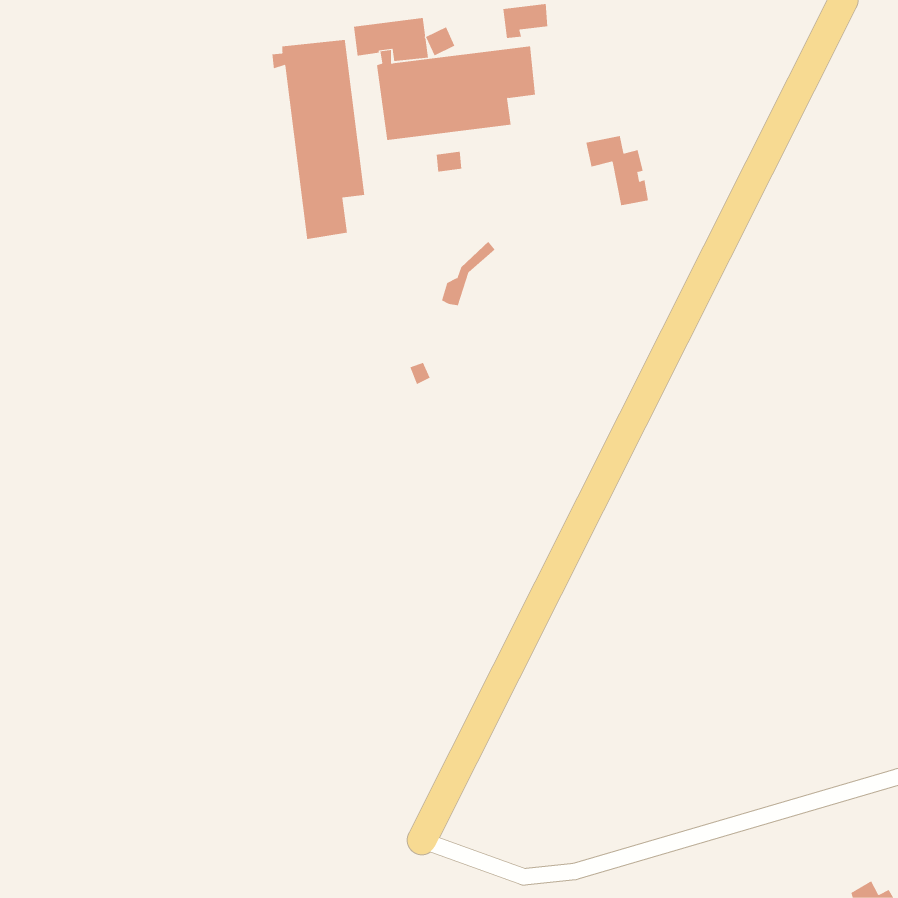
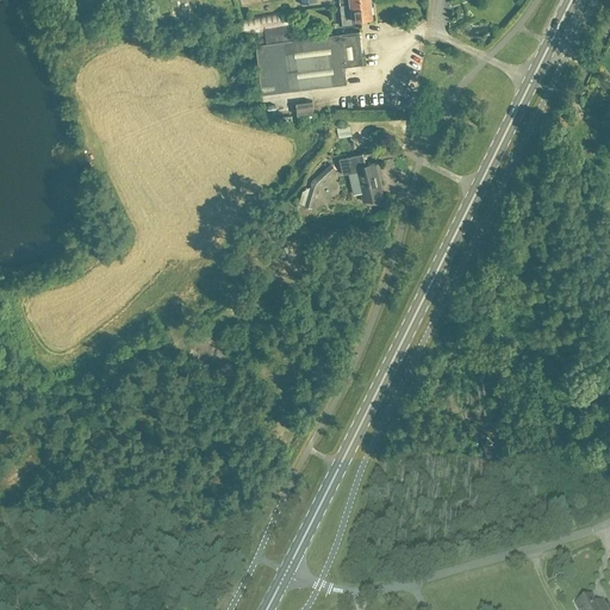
building: [272,39,365,240] -> none
building: [585,136,649,206] -> [340,154,382,201]

